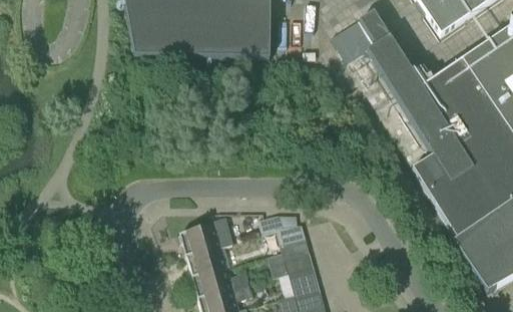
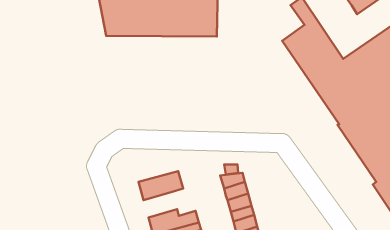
building: [331,21,377,65] -> none
building: [181,248,222,279] -> none

